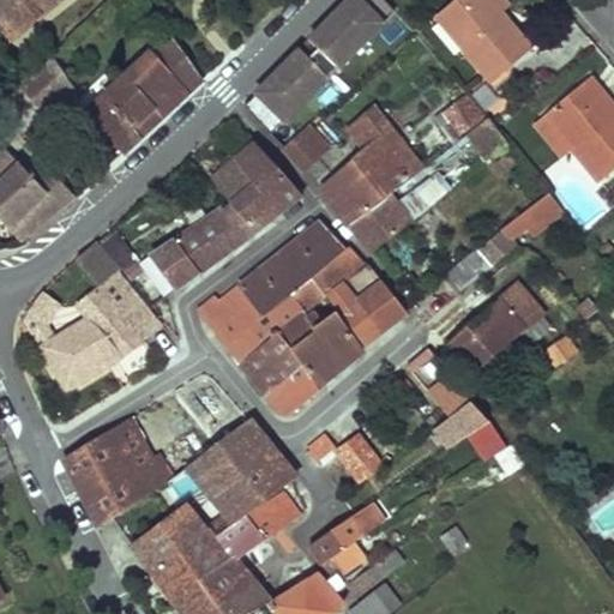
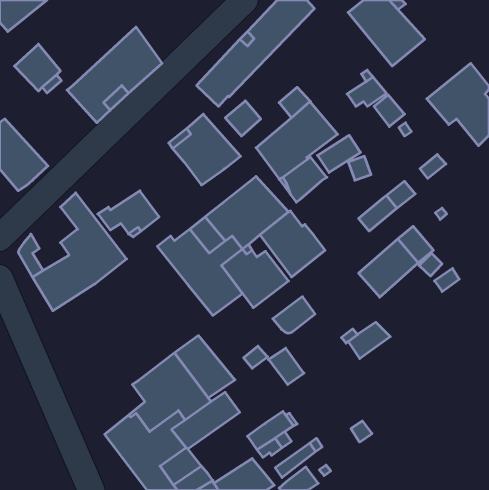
building: [175,203,252,271] -> none
building: [266,367,319,413] -> [273,297,315,333]
building: [64,417,173,526] -> none

